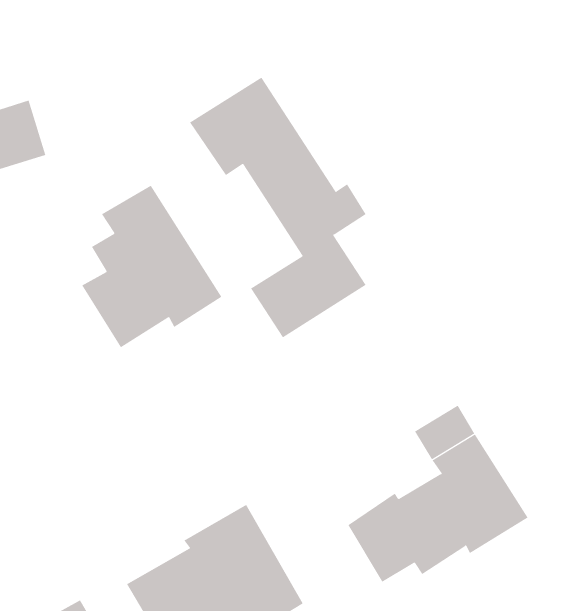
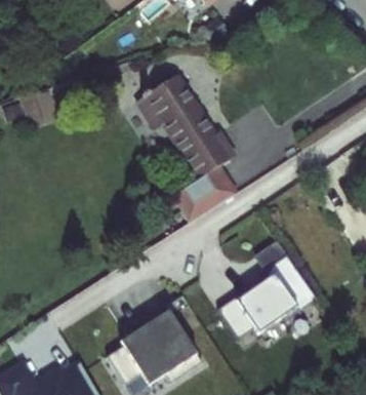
building: [81,185,222,348] -> none

